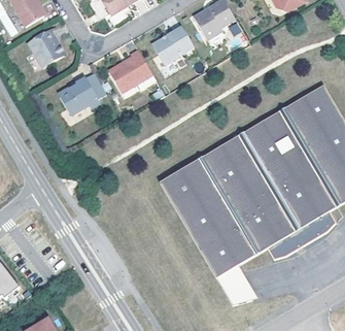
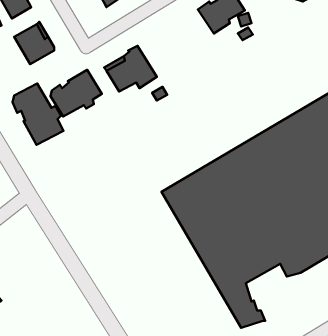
building: [152,27,195,64] -> none
building: none -> [12,83,64,145]

